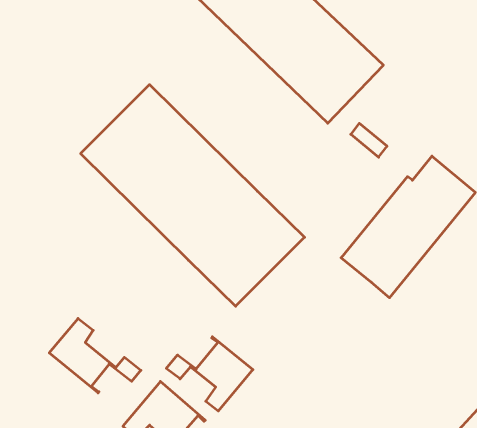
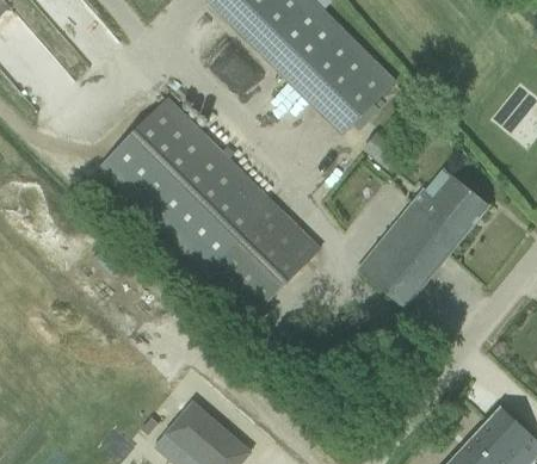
building: [49,318,141,393] -> none
building: [166,337,253,411] -> none

